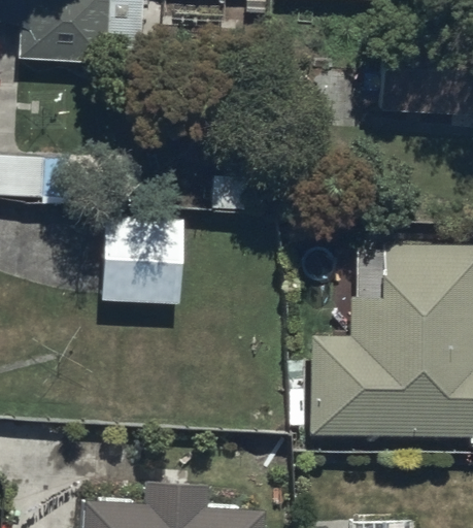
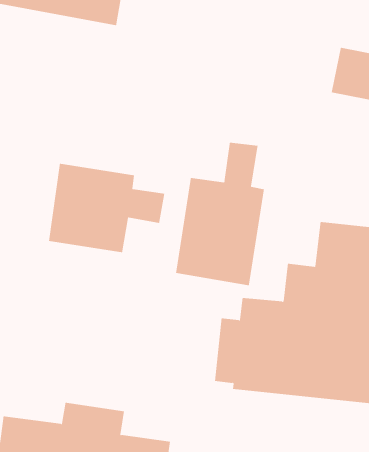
building: none -> [176,142,264,286]

